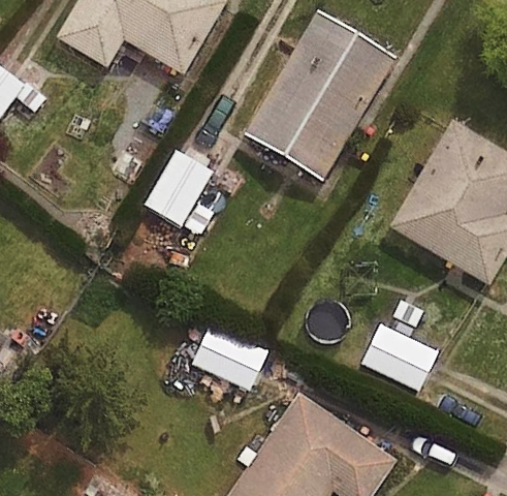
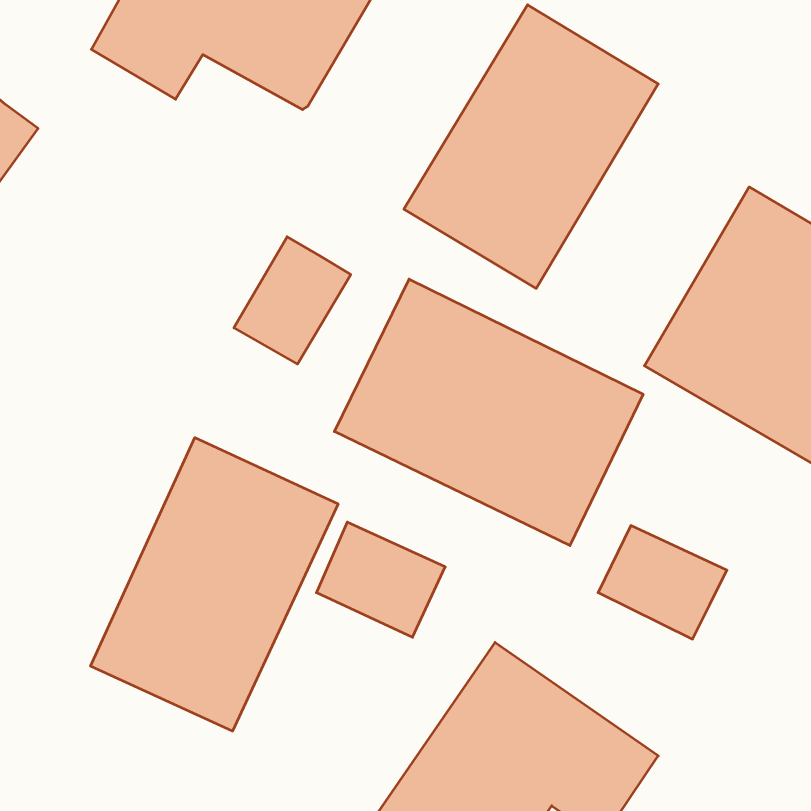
building: none -> [334,279,643,546]
building: none -> [91,438,338,731]

